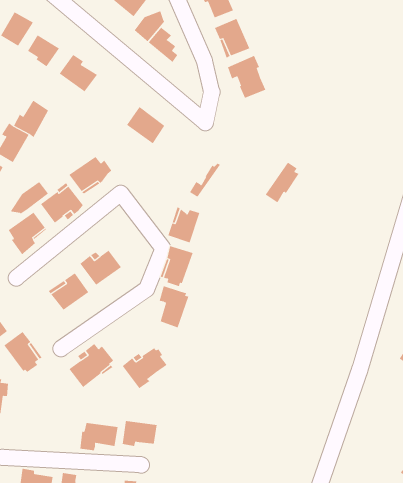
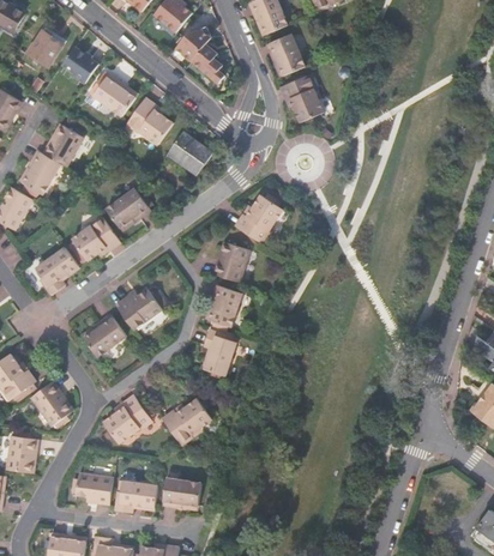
building: none -> [128,97,171,144]
building: [265,162,300,203] -> [246,197,284,242]
building: [10,181,49,215] -> none
building: none -> [71,472,114,503]

